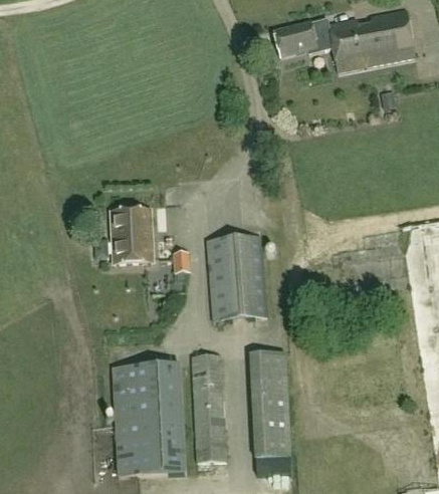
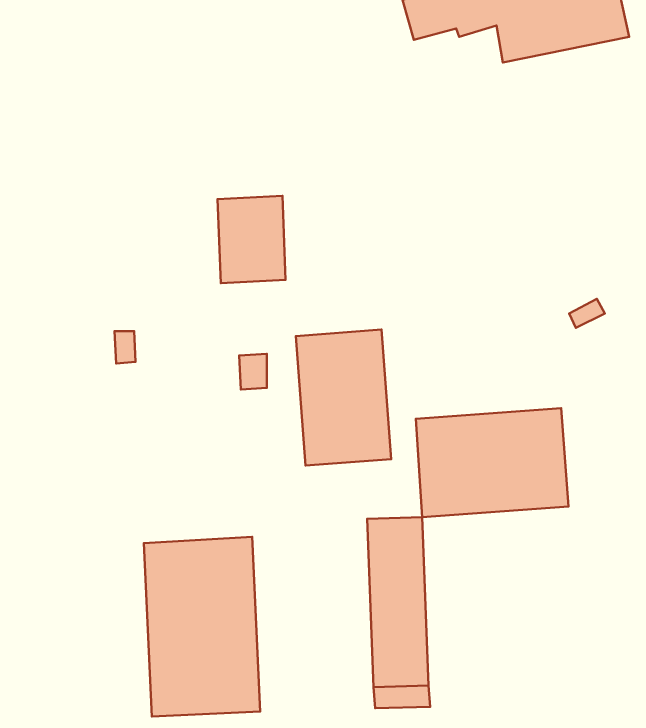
building: [111,208,153,262] -> [218,196,286,283]
building: none -> [416,408,569,517]
building: [192,353,225,461] -> none

